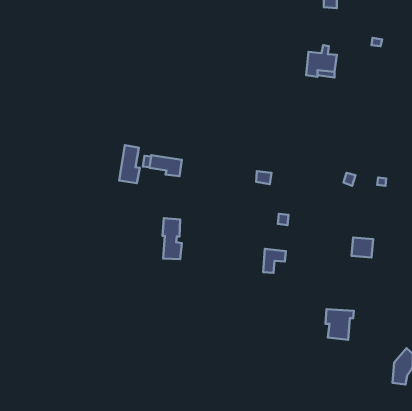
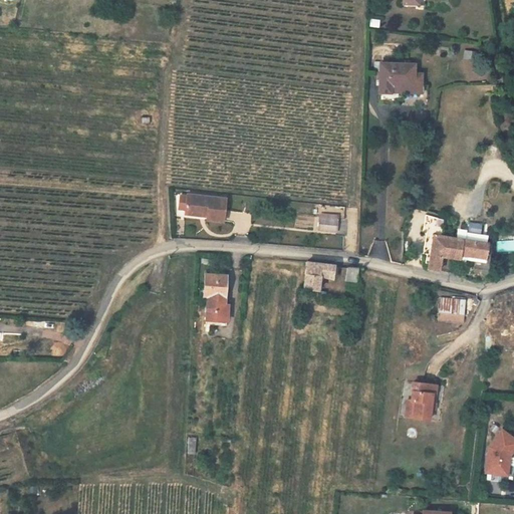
building: [119,145,140,183] -> none
building: none -> [427,233,489,269]
building: [263,249,286,273] -> [306,261,334,291]

